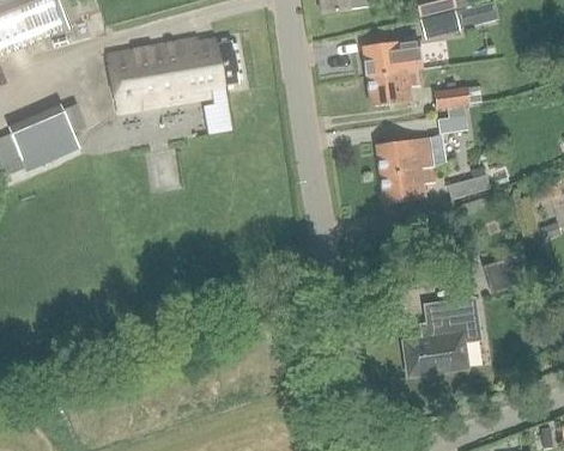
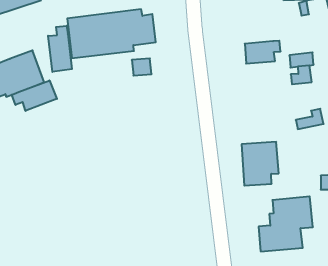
building: [362,39,417,77] -> none
building: none -> [48,26,72,72]
building: [376,138,432,203] -> [242,142,279,186]
building: none -> [12,80,57,111]

